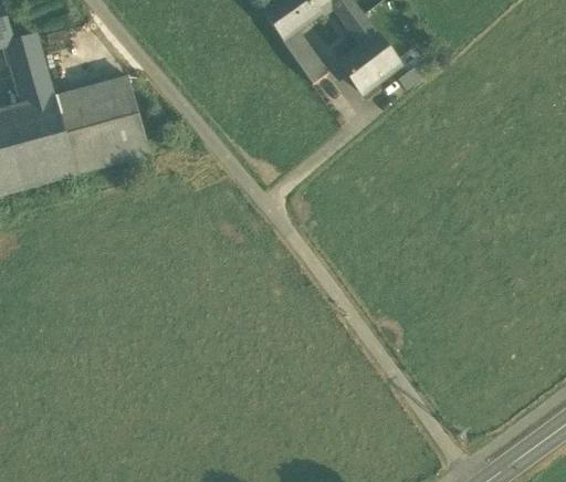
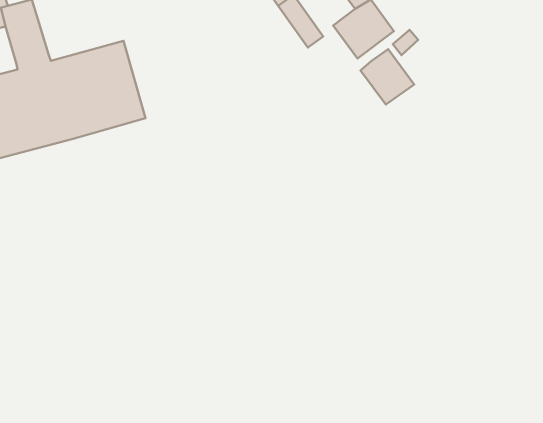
building: none -> [360,49,414,105]

